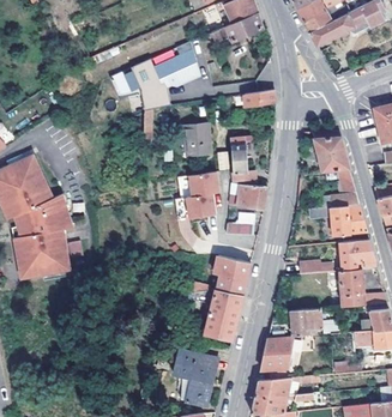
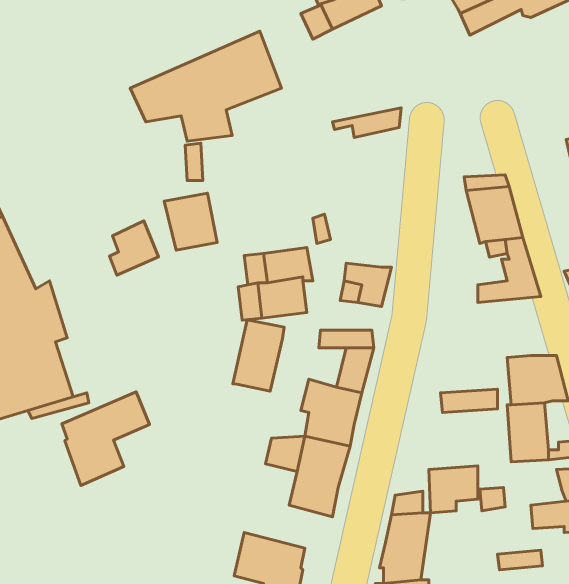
building: [182,125,215,159] -> [164,193,217,250]
building: [231,137,258,182] -> none
building: none -> [109,221,158,275]
building: [331,205,368,236] -> none
building: none -> [233,320,284,391]
building: none -> [62,392,149,486]

